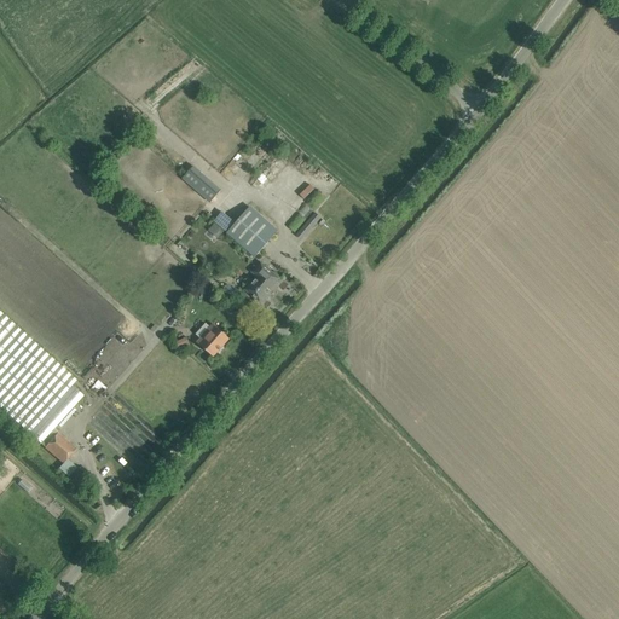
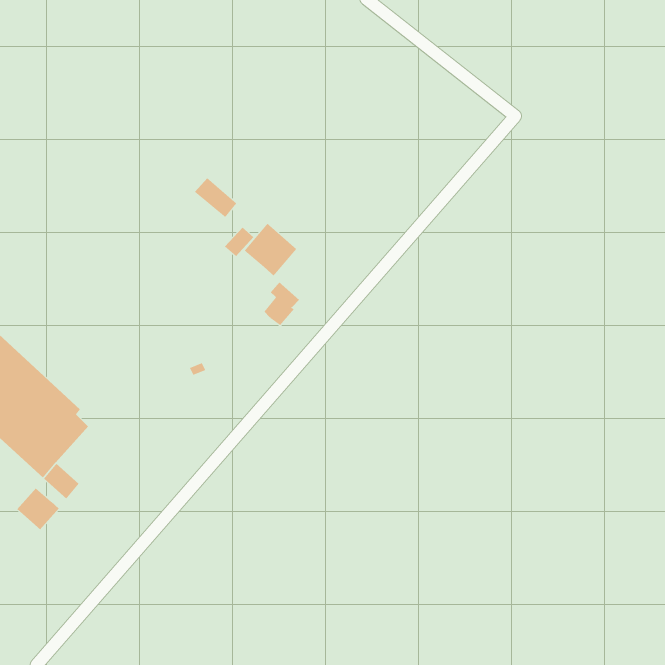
building: [195,322,228,357] -> none
building: none -> [16,488,60,530]

